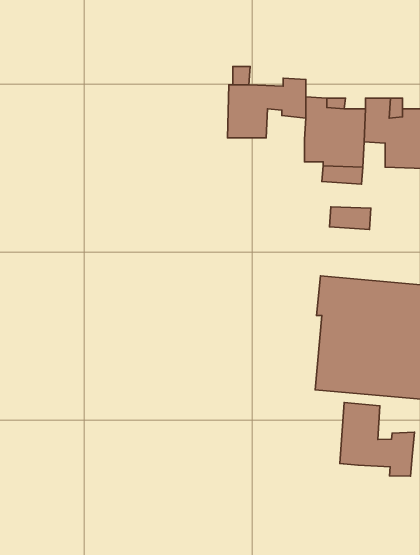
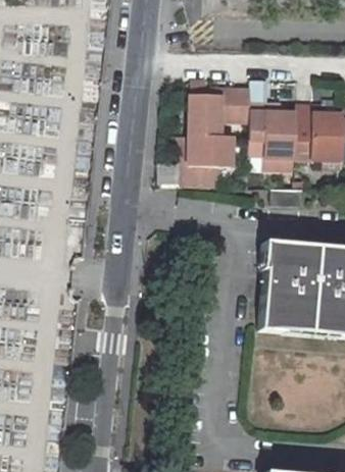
building: none -> [186,136,234,188]
building: [340,403,415,476] -> none

